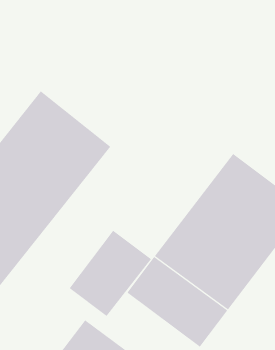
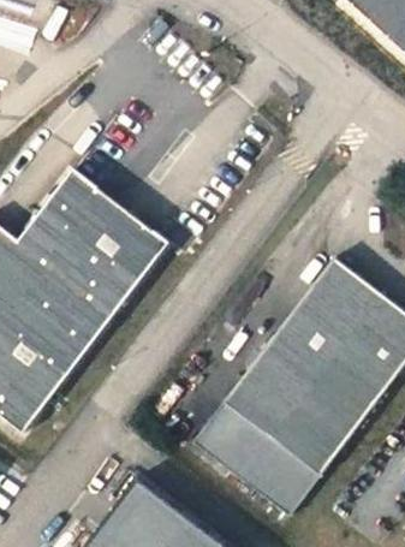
building: [69,230,152,317] -> none

